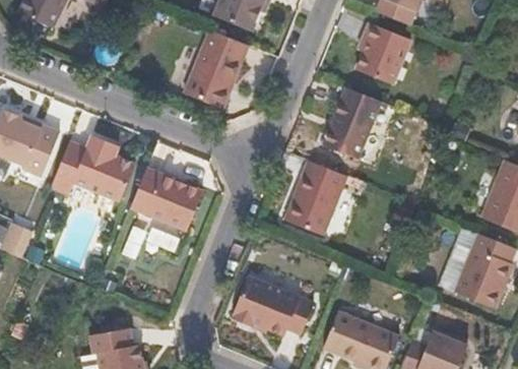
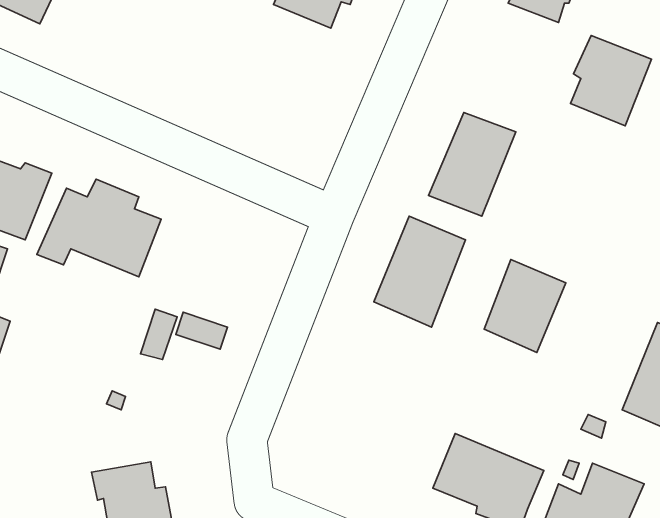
building: [353,23,409,85] -> [570,35,652,126]
building: [185,29,250,110] -> none
building: [131,167,205,231] -> none
building: none -> [484,259,566,352]
building: [231,275,314,334] -> none

